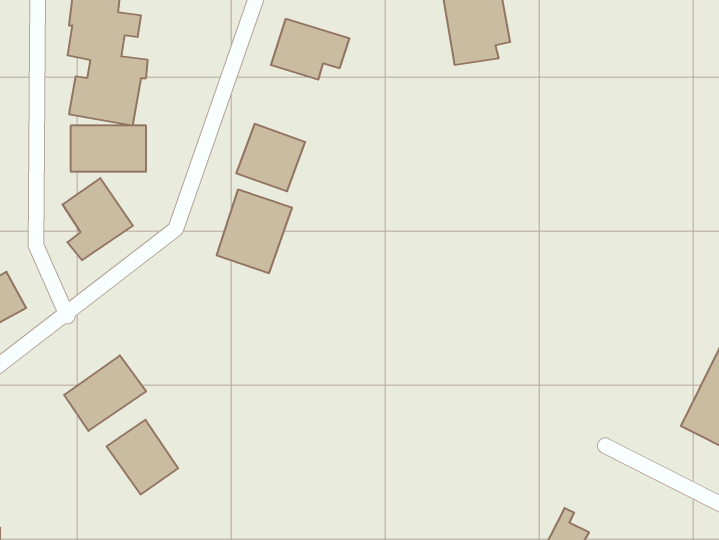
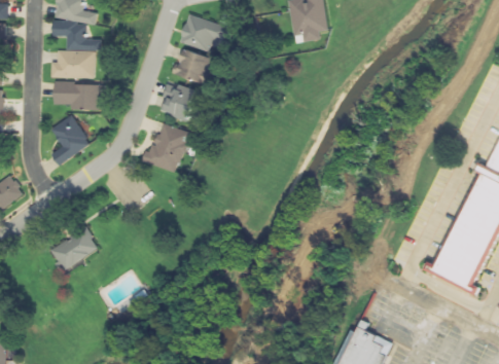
building: none -> [171,47,216,84]
building: [107,420,178,495] -> none

